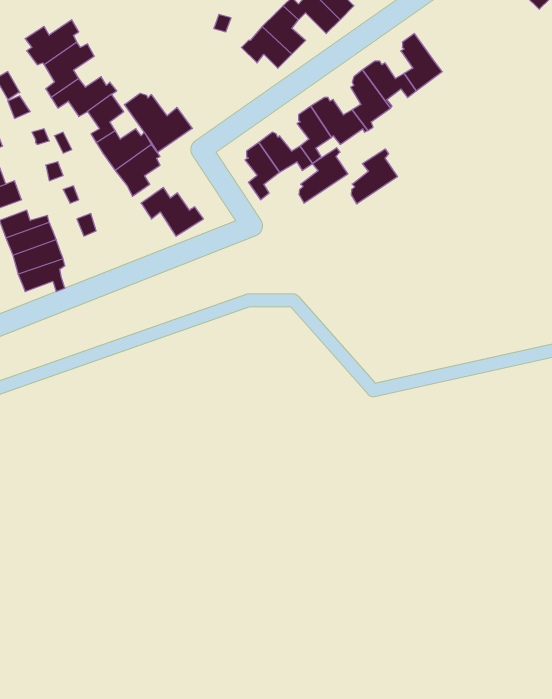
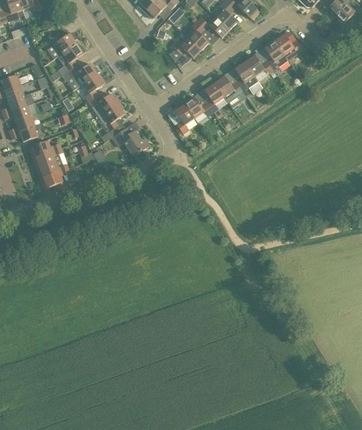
building: none -> [272,33,303,60]
building: [124,93,192,152] -> none
building: [299,148,348,203] -> none
building: [351,149,397,204] -> none

